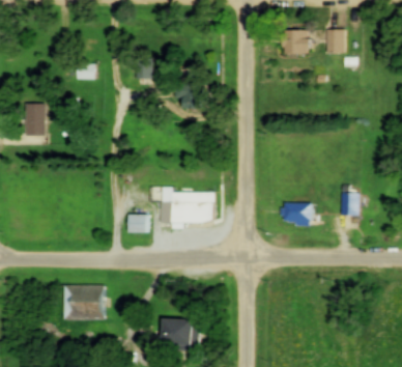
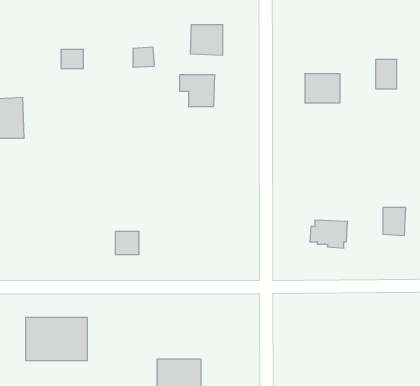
building: [323,30,341,54] -> [376,60,397,89]
building: [279,31,308,55] -> [305,74,340,103]
building: none -> [190,24,223,55]
building: [174,192,218,229] -> none

